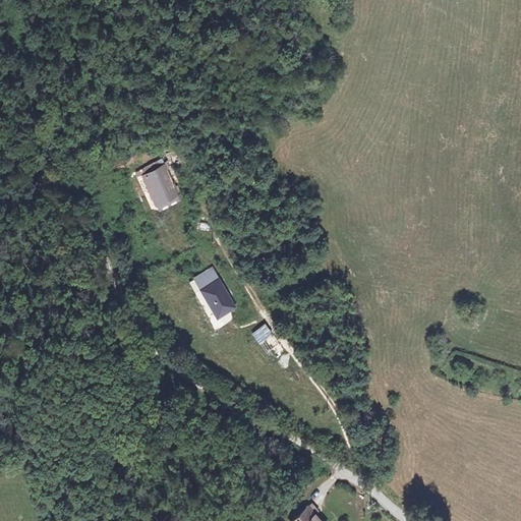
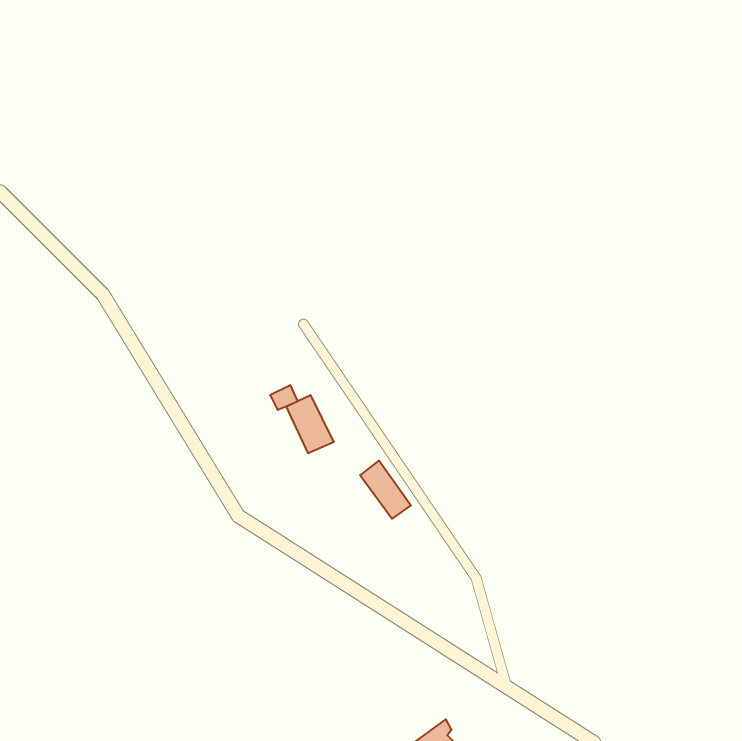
building: [144,166,180,206] -> none

